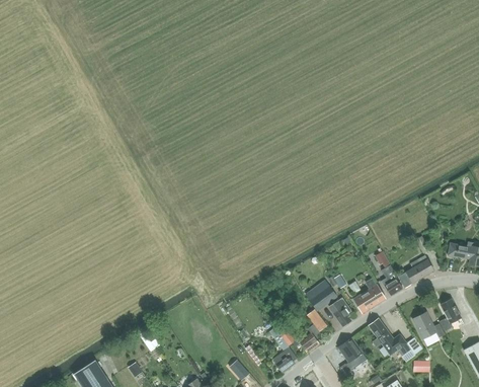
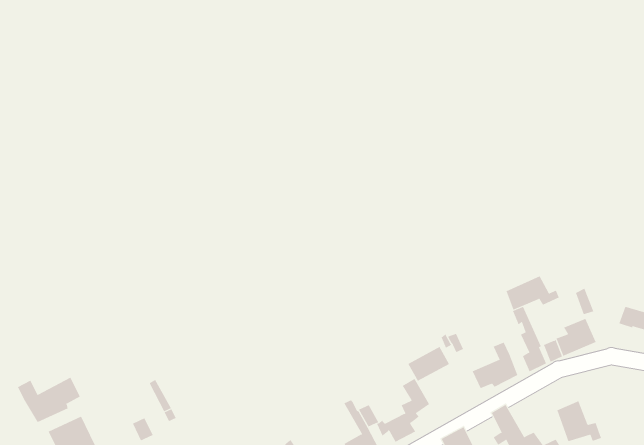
building: none -> [506,275,560,310]
building: [328,297,351,327] -> none
building: [440,299,461,331] -> none
building: none -> [17,377,80,423]

